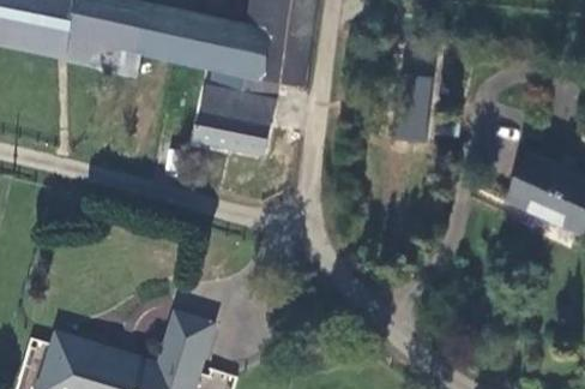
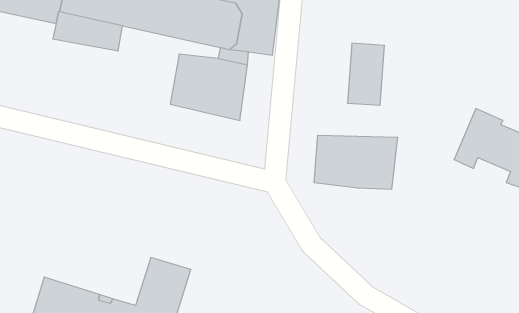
building: none -> [314,135,397,189]

